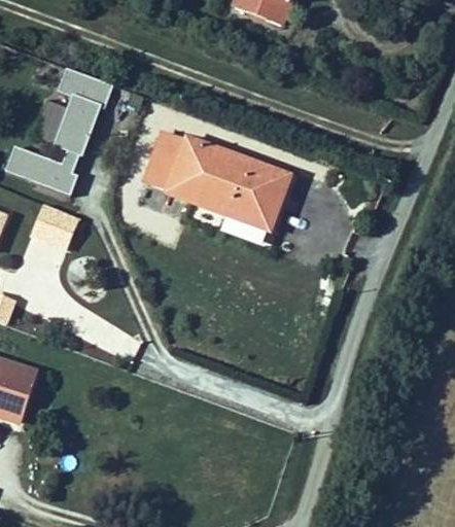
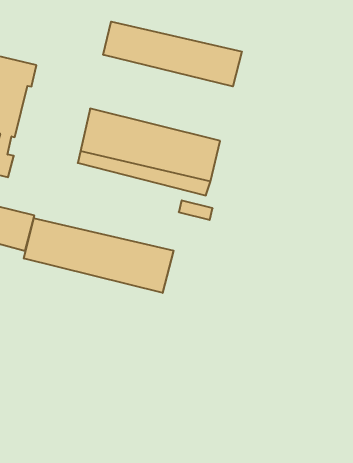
building: none -> [103,22,242,86]
building: none -> [24,218,174,293]

